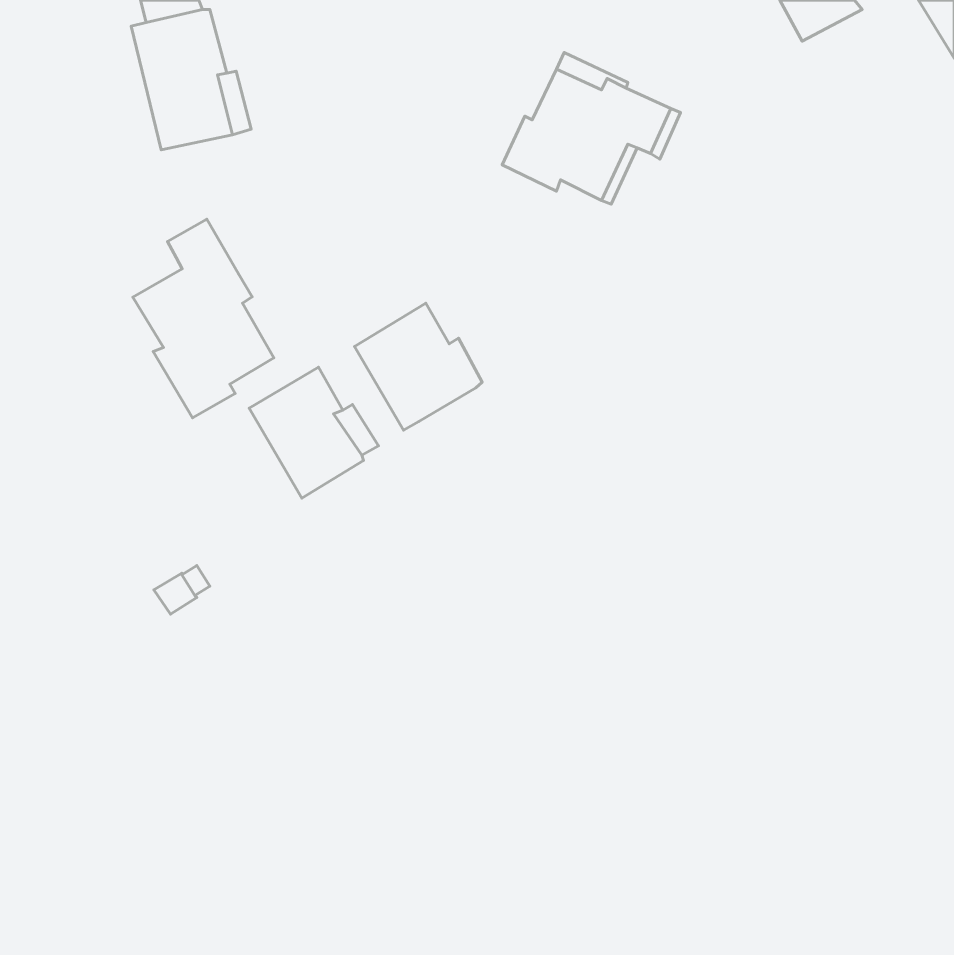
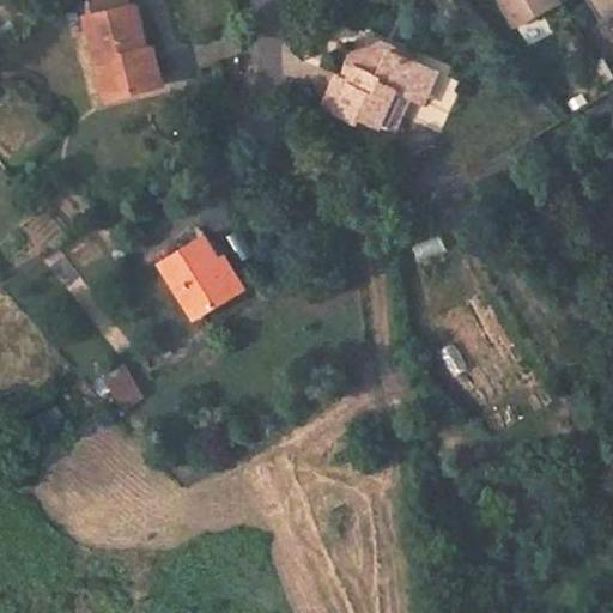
building: [133,219,274,418] -> none
building: [354,303,482,430] -> none

